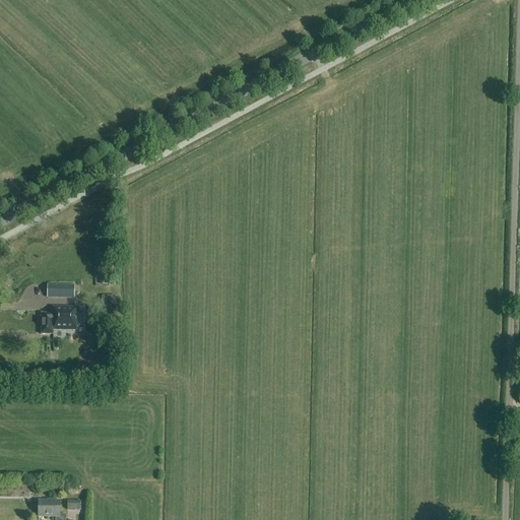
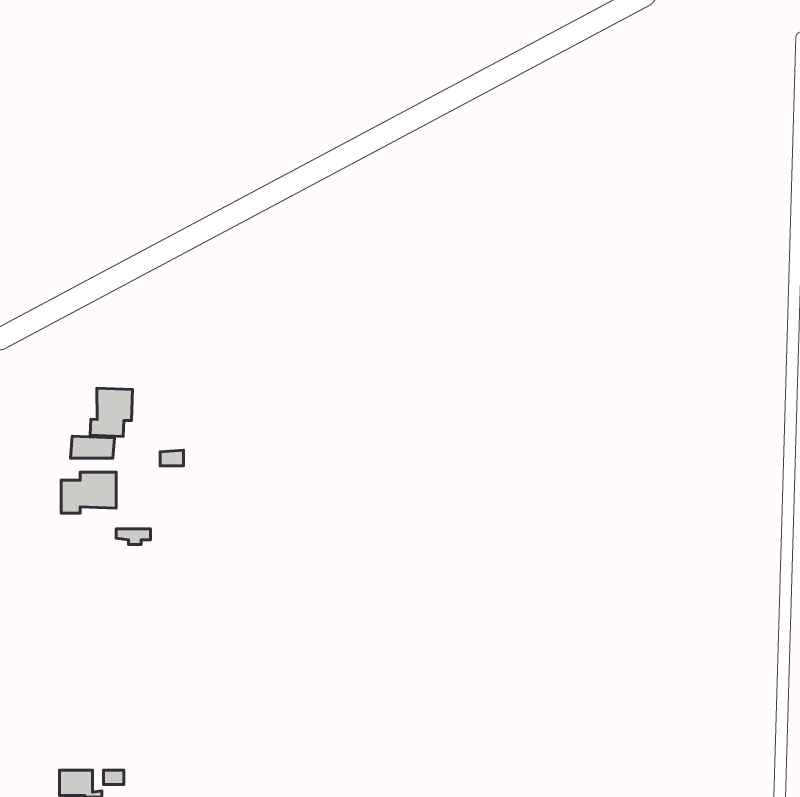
building: none -> [90,388,133,437]

